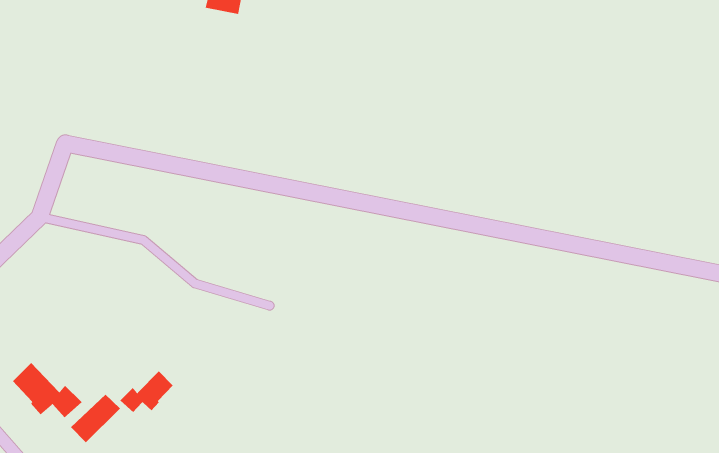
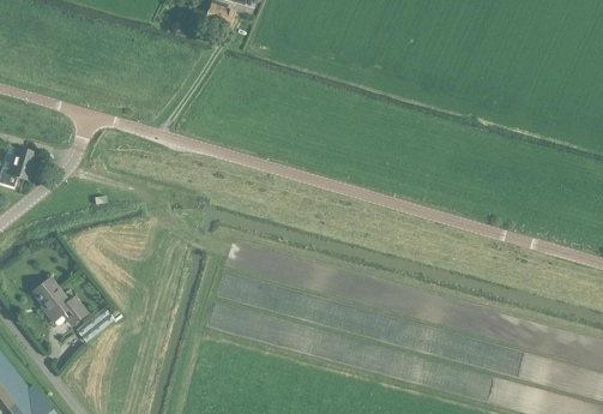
building: [119,371,173,413] -> none

